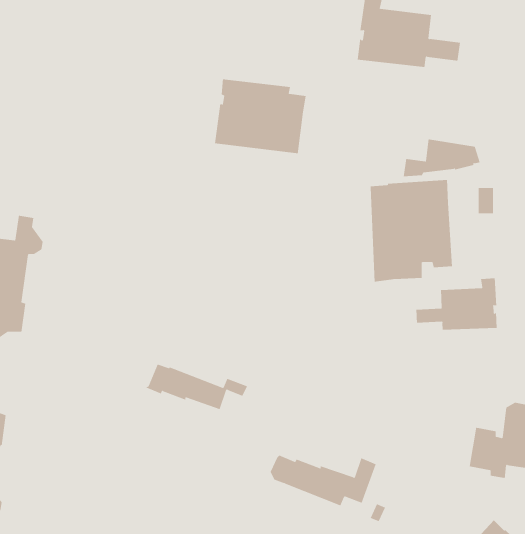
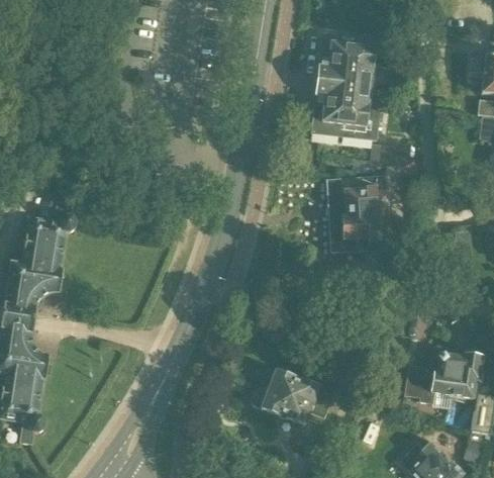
building: [214,79,307,154] -> [310,82,381,139]
building: [416,277,497,330] -> none
building: [145,364,248,410] -> [257,367,335,402]

